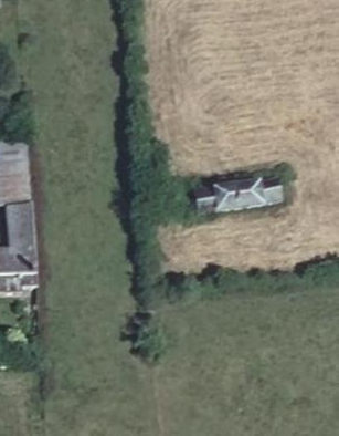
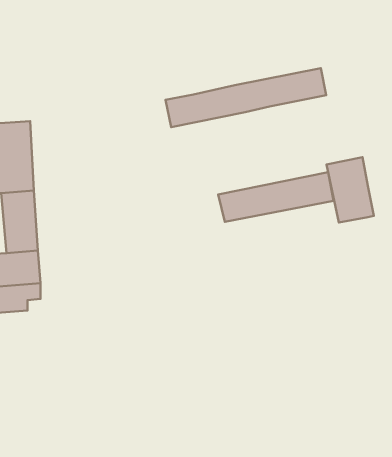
building: none -> [166,68,326,127]
building: none -> [327,157,374,223]

